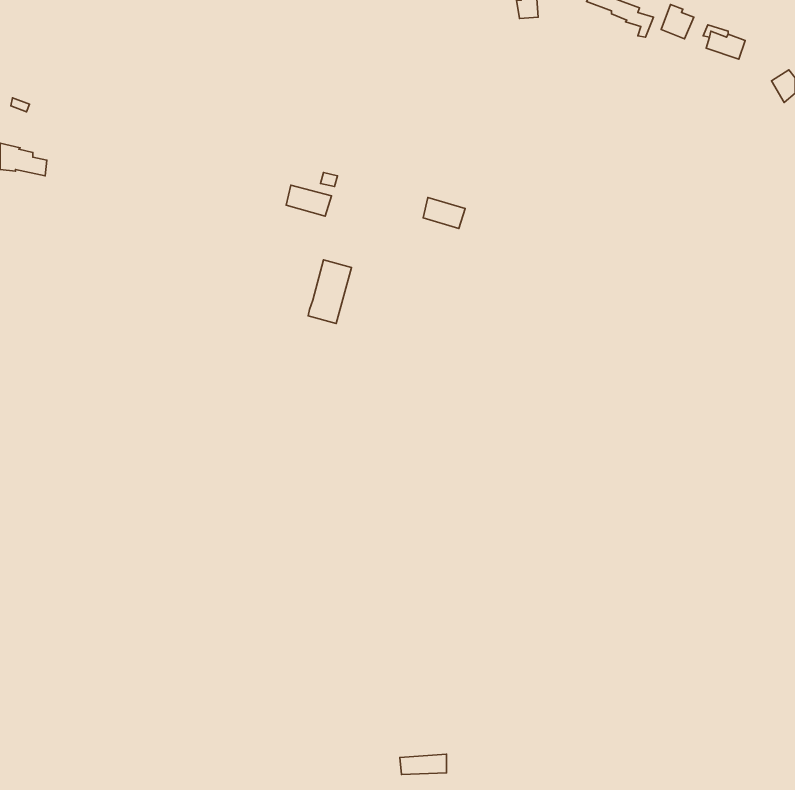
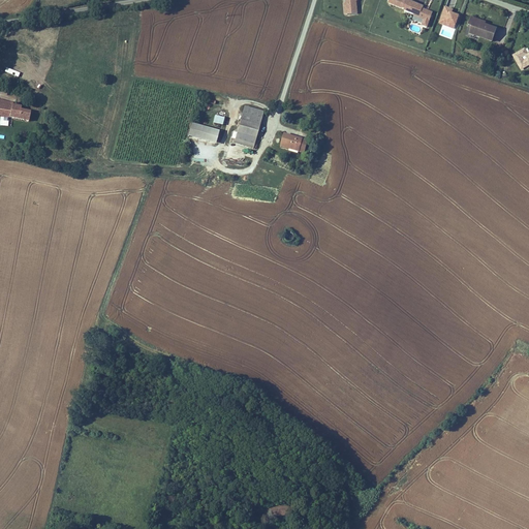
building: [308,260,352,324] -> [235,104,263,147]

